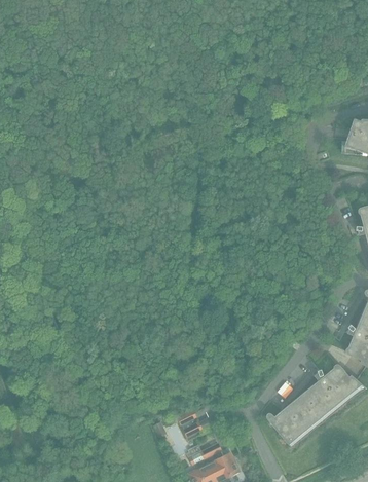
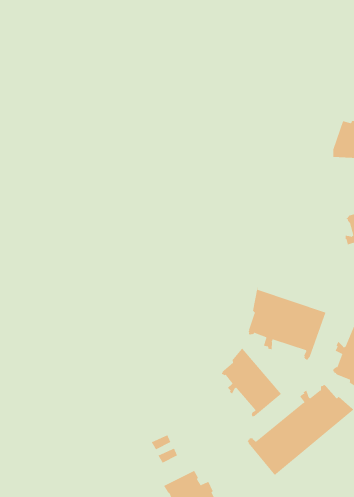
building: none -> [248,287,326,361]
building: none -> [221,347,282,417]

